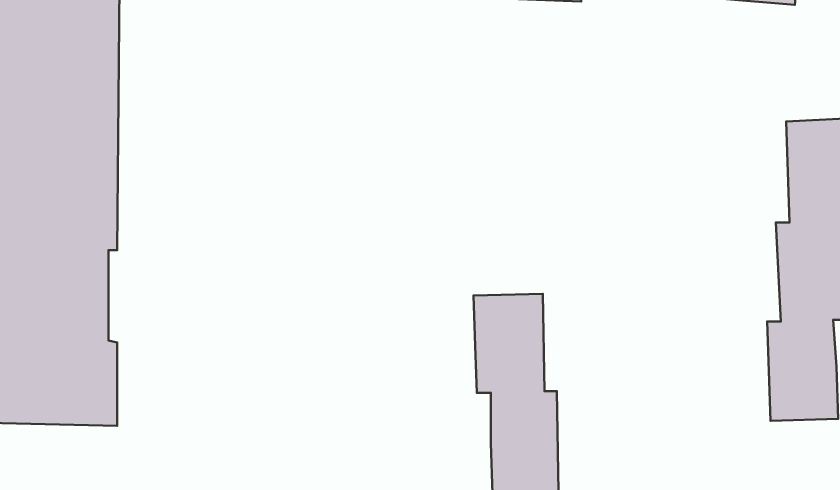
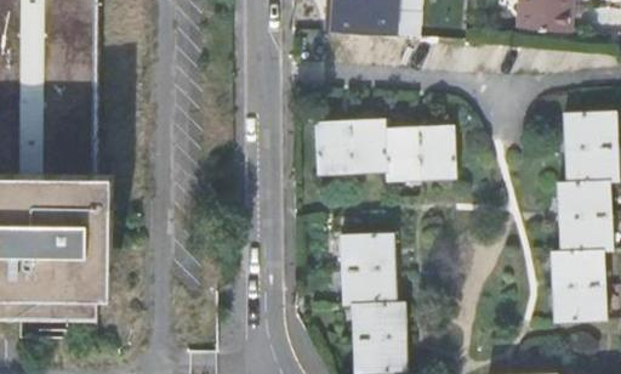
building: none -> [315,125,456,181]

